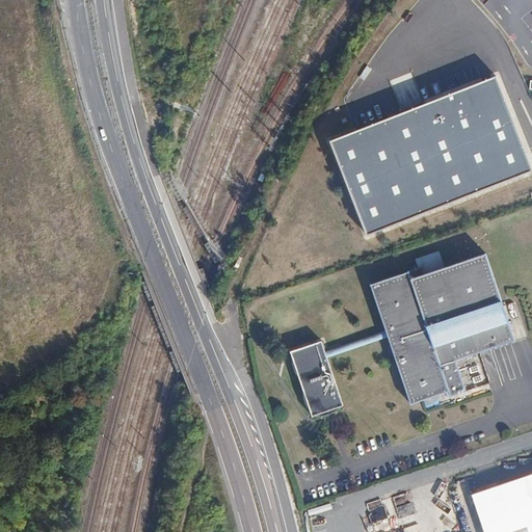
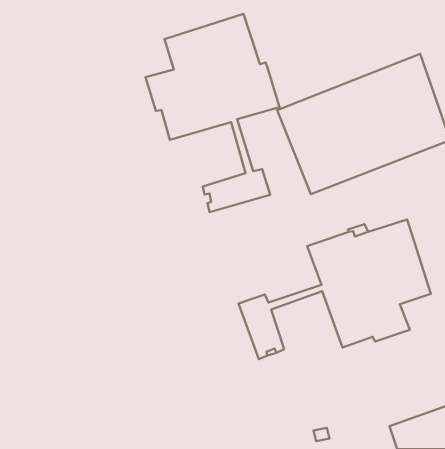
building: none -> [146,14,280,212]

